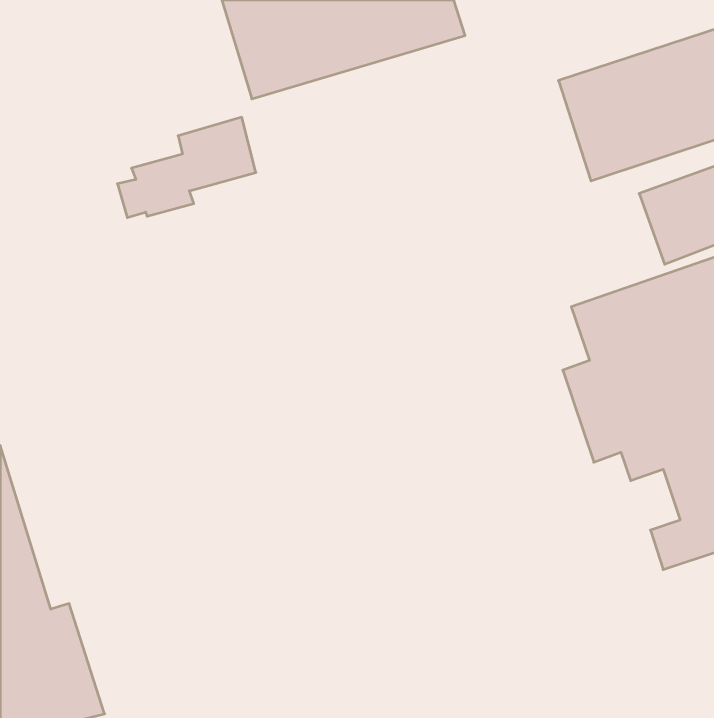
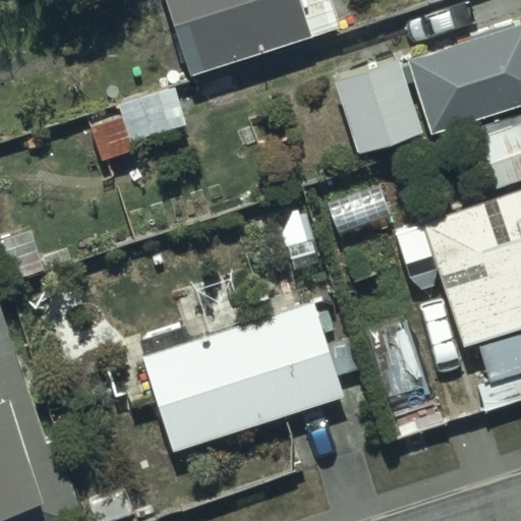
building: none -> [331,59,420,156]
building: none -> [143,285,360,449]

